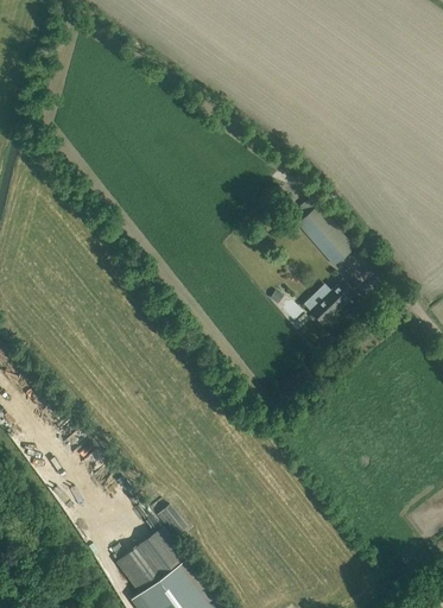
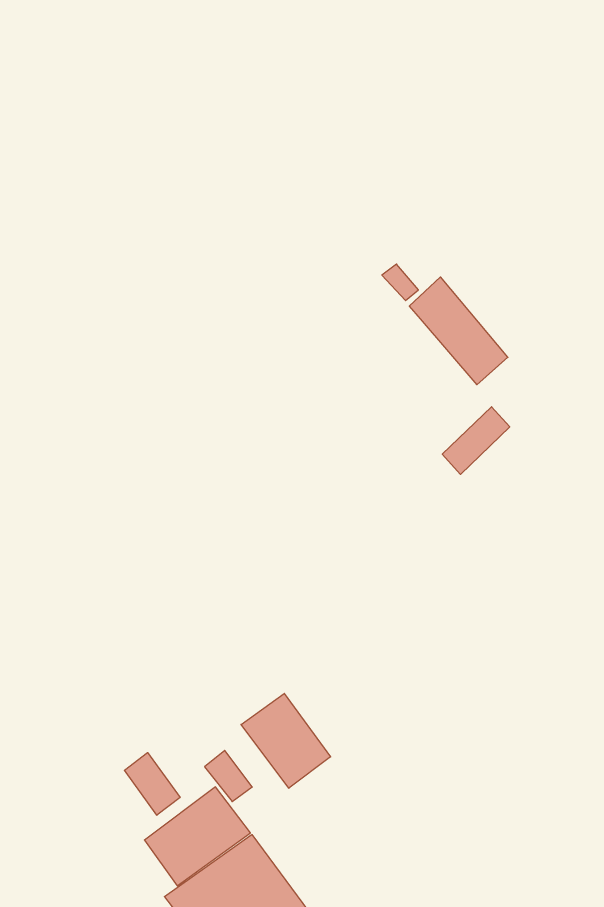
building: none -> [241,693,331,788]
building: none -> [124,753,180,815]

